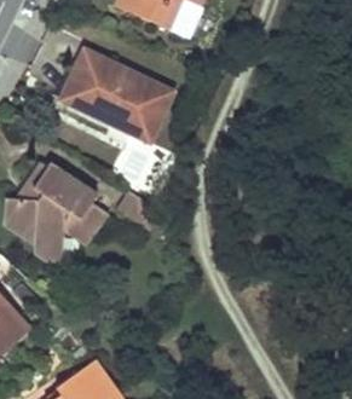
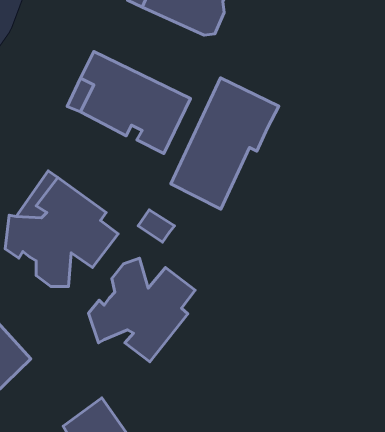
building: none -> [171,78,279,209]
building: none -> [89,258,195,362]

